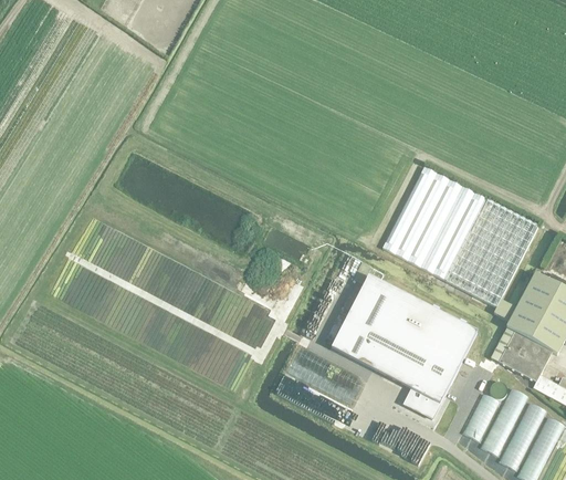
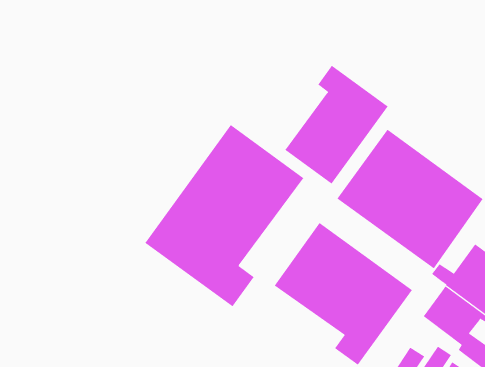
building: none -> [284,65,389,185]
building: none -> [145,124,304,307]

